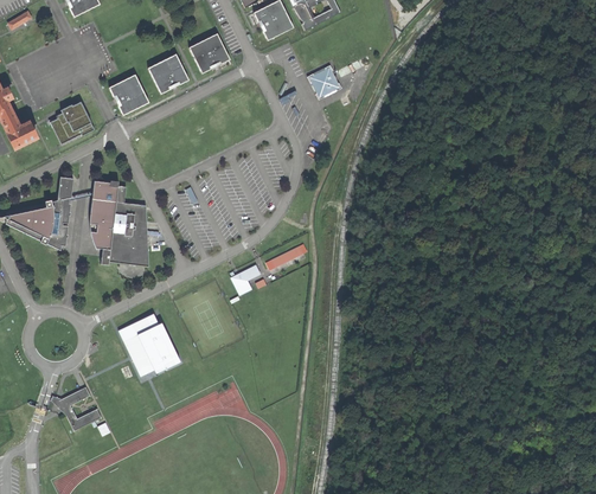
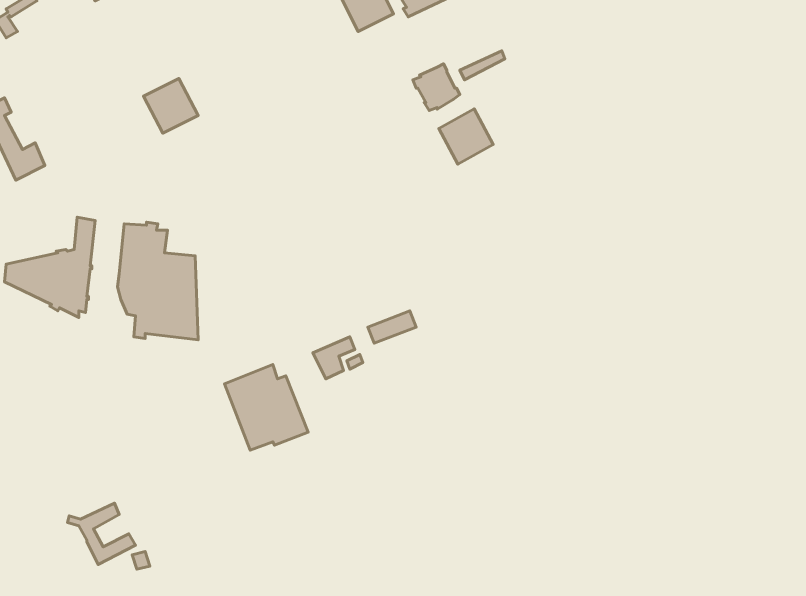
building: [187,32,229,72] -> none
building: [147,52,187,92] -> none
building: none -> [439,109,493,164]
building: [53,98,96,141] -> none
building: [122,312,184,374] -> [224,364,308,450]

